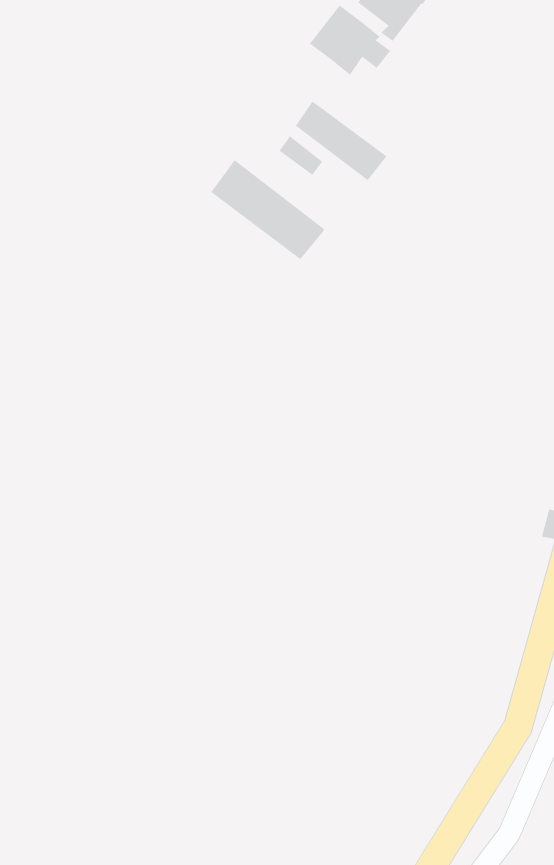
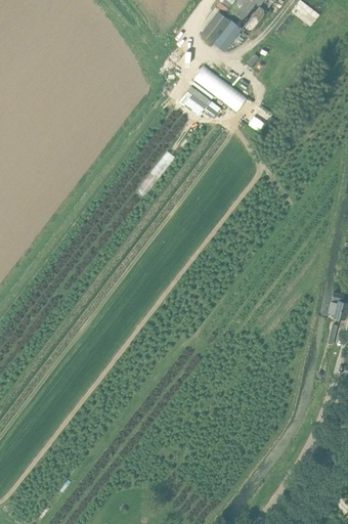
building: [210,159,325,260] -> none

